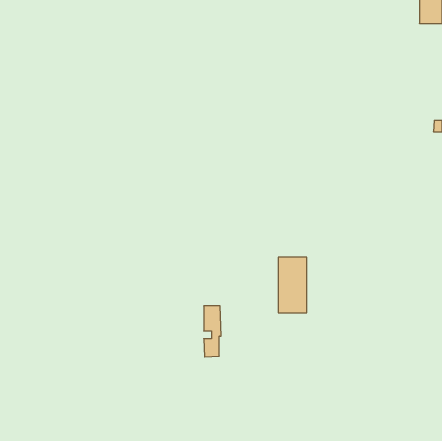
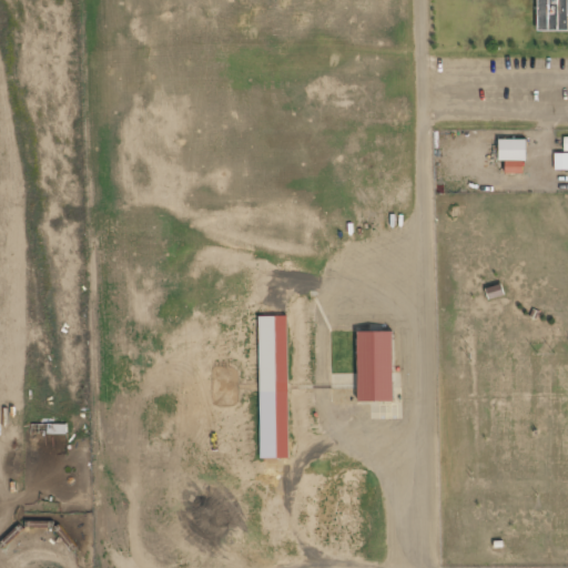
building: none -> [499,139,526,161]
building: none -> [258,315,286,383]

